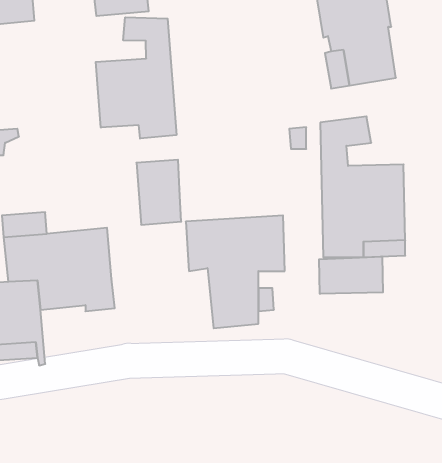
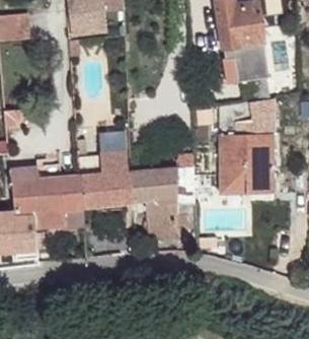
building: [96,17,176,139] -> none
building: none -> [78,171,132,208]
building: [319,256,383,294] -> none

